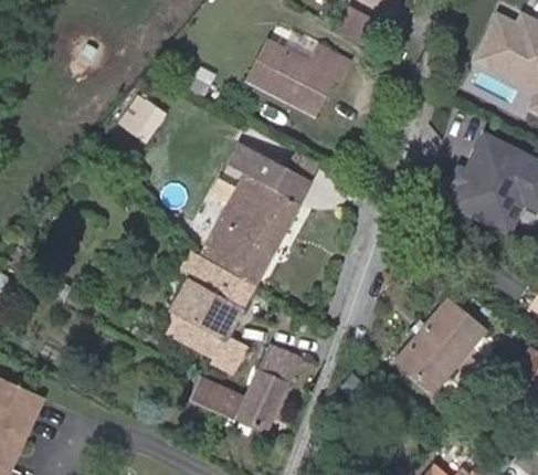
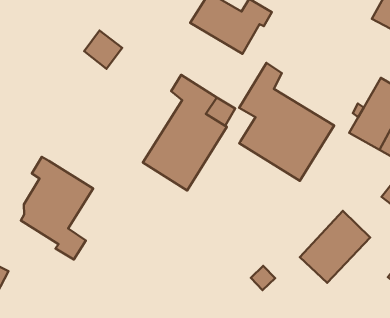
building: none -> [239,63,334,181]
building: [170,251,256,374] -> [21,157,93,260]
building: [194,342,300,436] -> none

